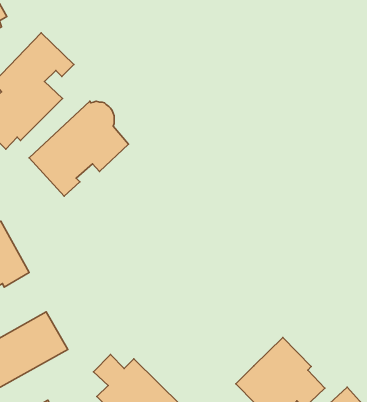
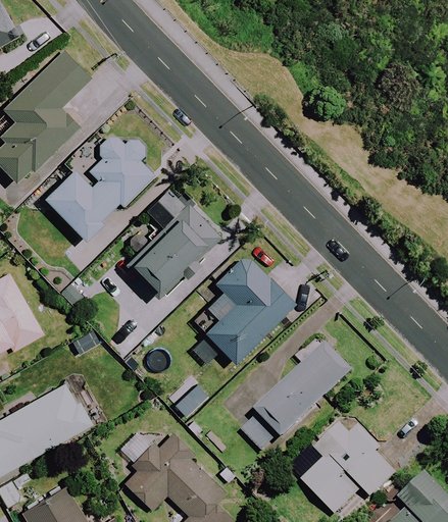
building: none -> [126,187,227,306]
building: none -> [194,254,294,364]
building: none -> [241,336,358,457]

